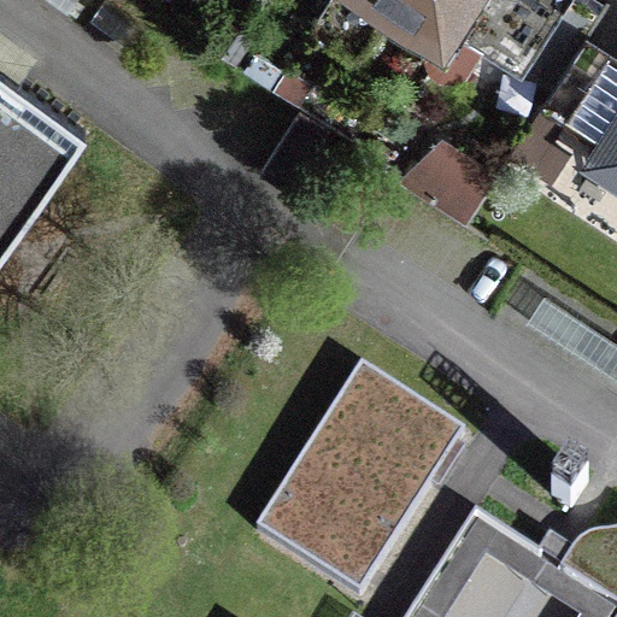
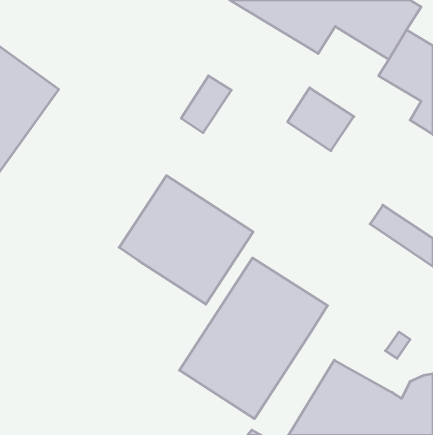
building: none -> [119,176,253,304]

